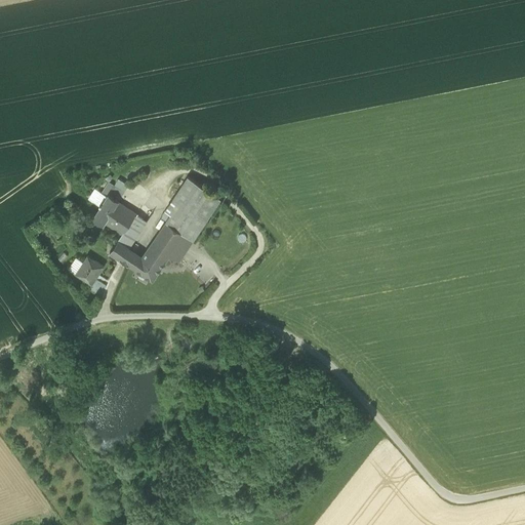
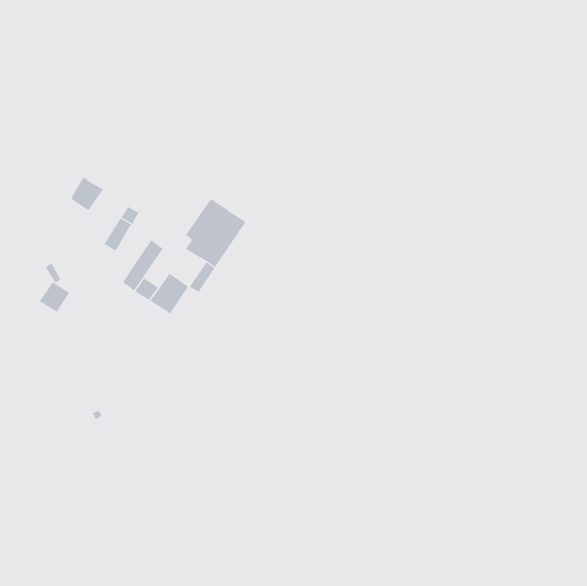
building: [105,204,134,235] -> [70,177,104,211]
building: [151,224,184,257] -> none
building: [75,257,103,285] -> [39,281,70,313]

